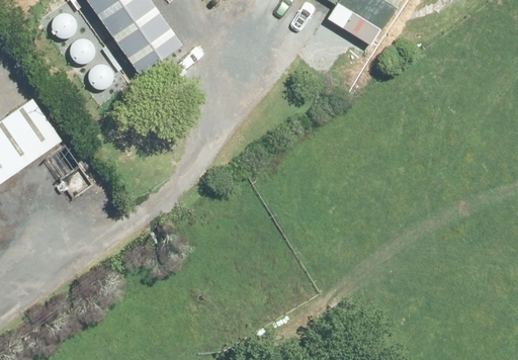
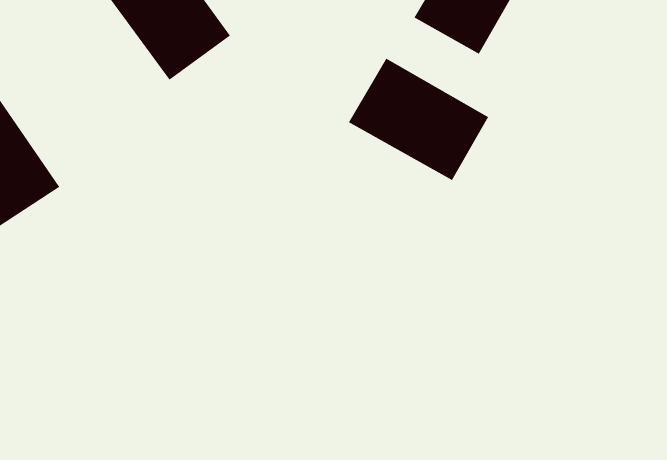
building: none -> [348,58,489,181]

